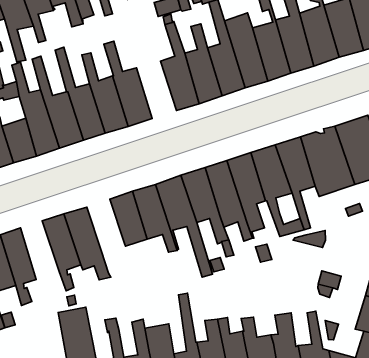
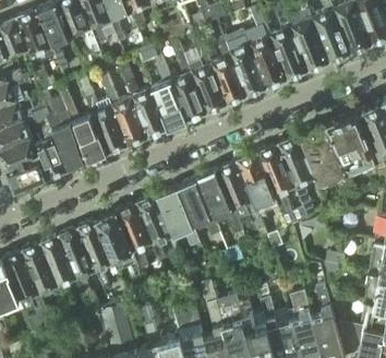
building: none -> [137,44,189,130]
building: none -> [117,204,153,270]
building: none -> [60,228,99,311]

